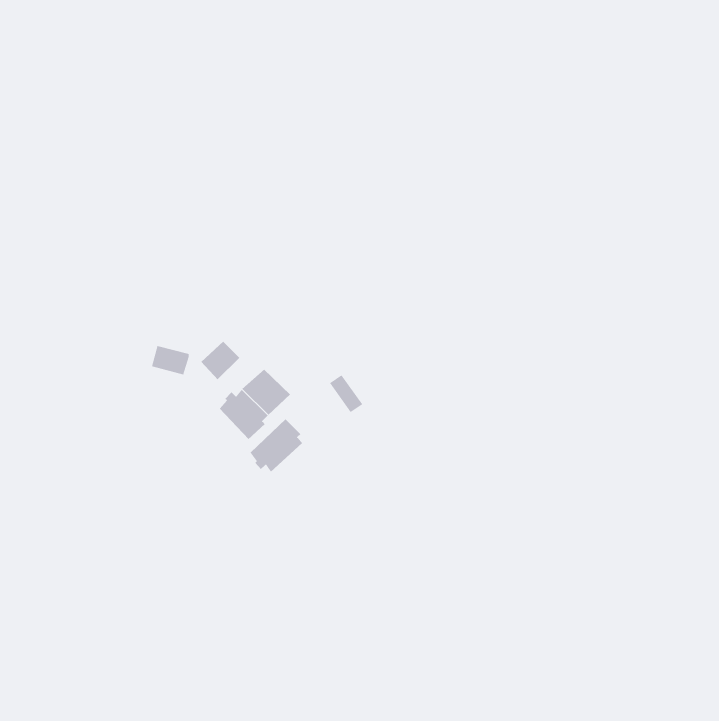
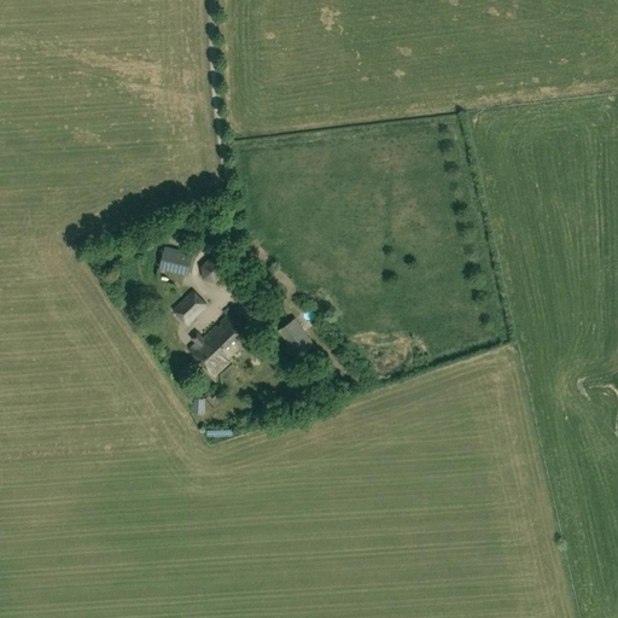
building: [151,345,189,375] -> [158,247,191,273]
building: [250,418,303,473] -> none

